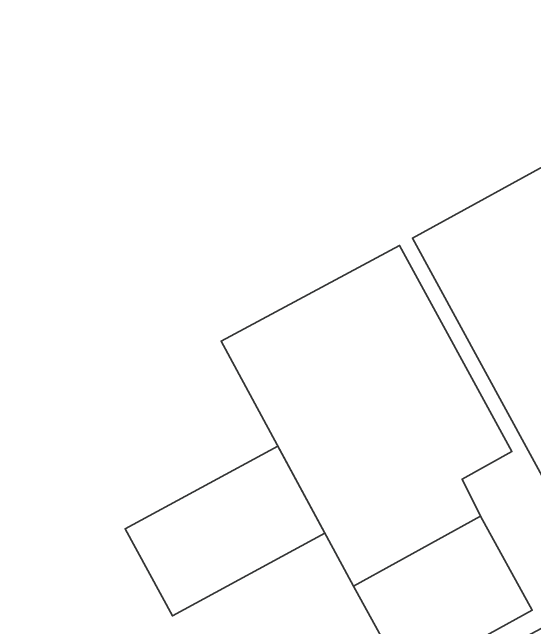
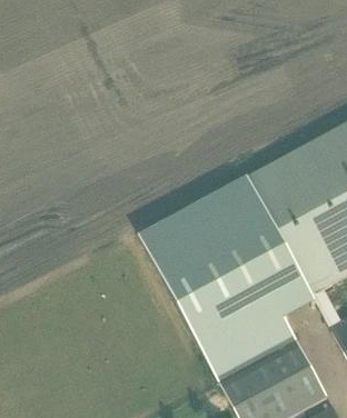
building: [125,446,325,616] -> none

